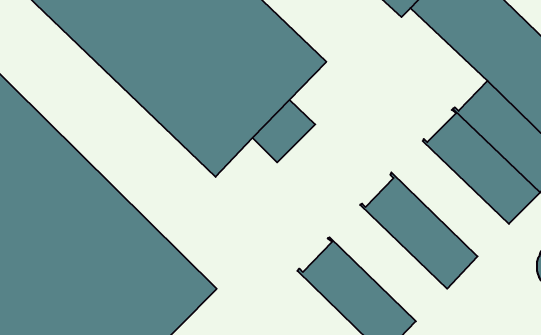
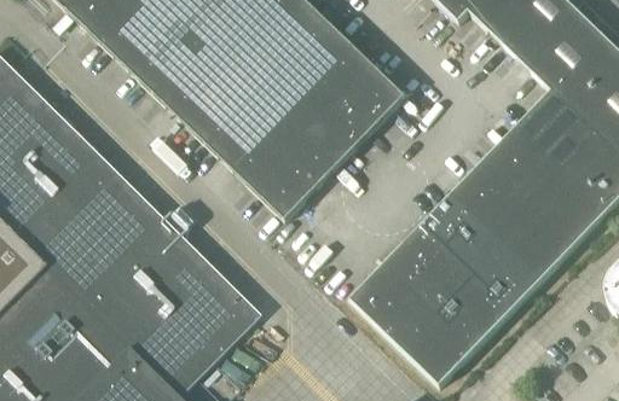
building: none -> [339,69,406,136]
building: none -> [259,151,325,220]
building: none -> [449,155,575,279]
building: none -> [382,223,509,349]

